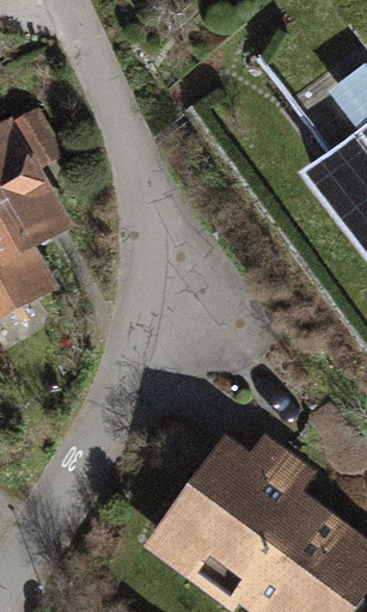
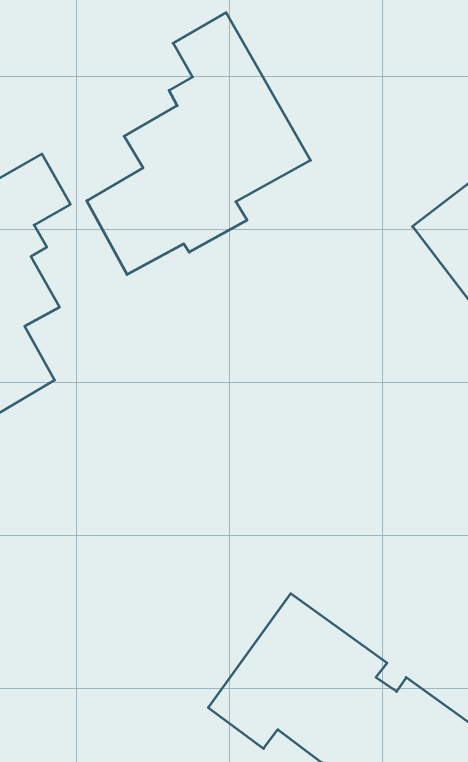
building: none -> [87,13,311,275]

